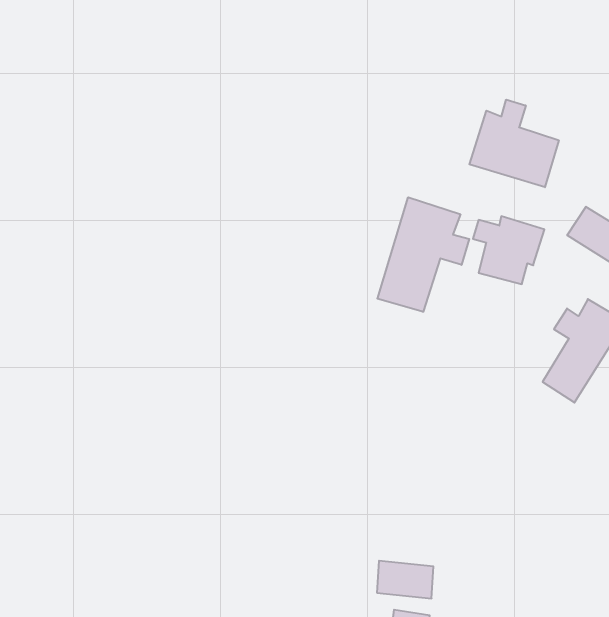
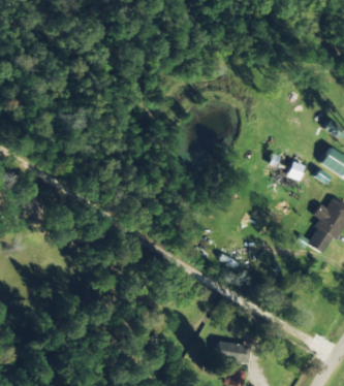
building: [469,100,559,187] -> none
building: [377,197,469,312] -> none

